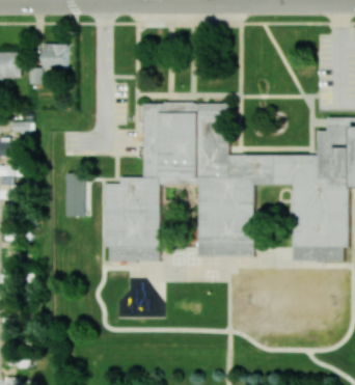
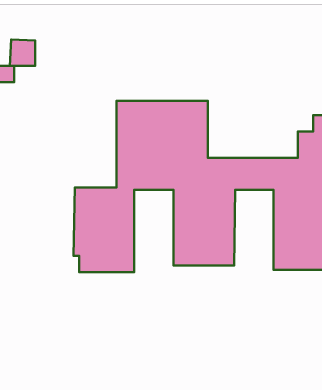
building: [66,173,84,217] -> none

